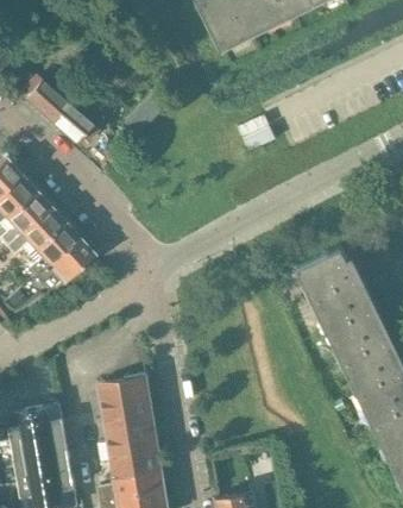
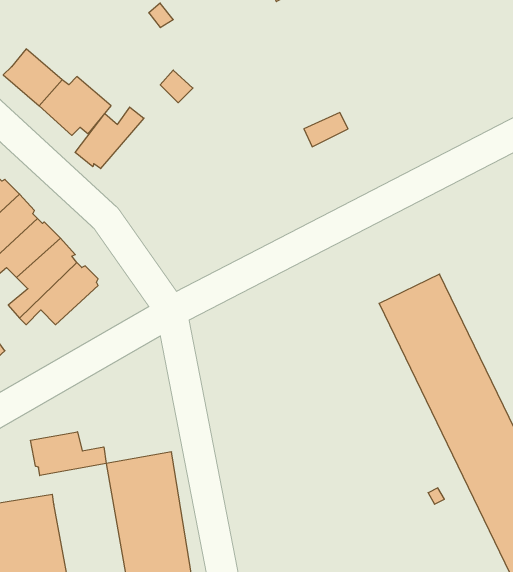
building: none -> [75,107,144,169]
building: none -> [31,432,106,476]

